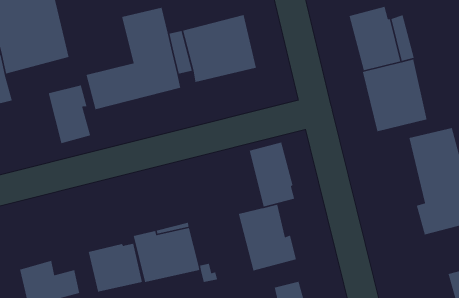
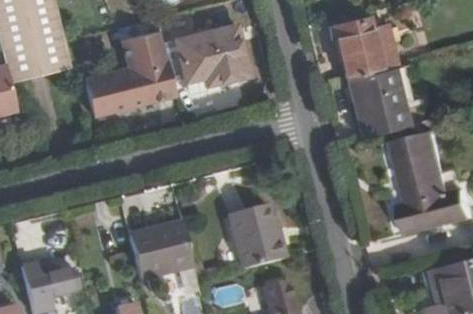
building: [48,84,91,144] -> none
building: [249,141,295,207] -> none
building: [88,243,143,292] -> none

